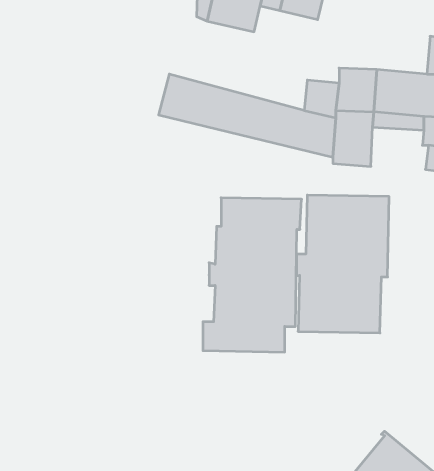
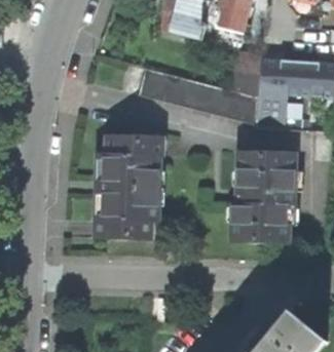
building: [203,198,302,352] -> [94,133,160,238]

